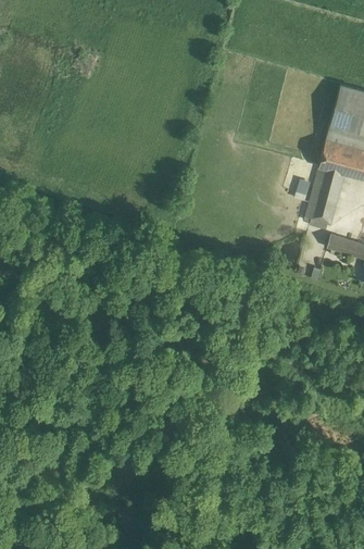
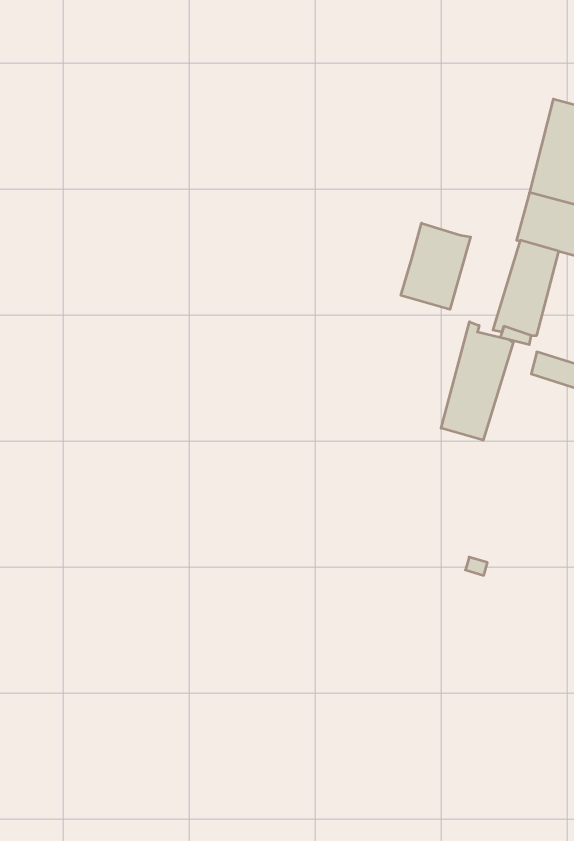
building: none -> [401,223,471,309]
building: none -> [441,322,513,440]

